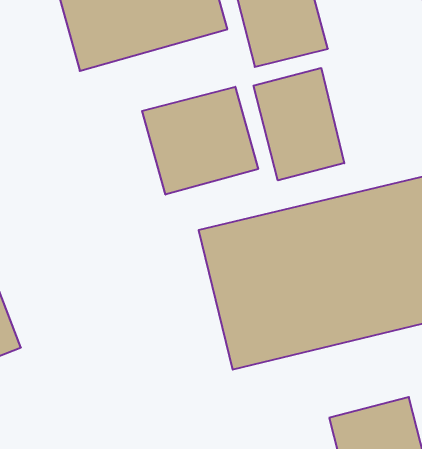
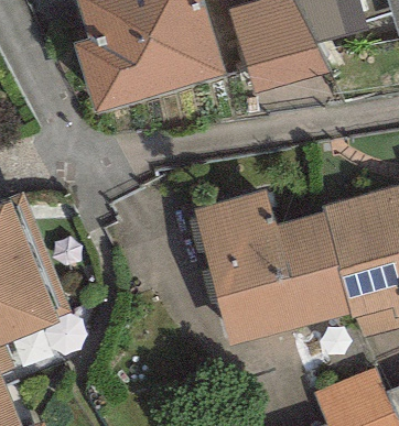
building: [254,68,344,180] -> none
building: [142,87,258,195] -> none

